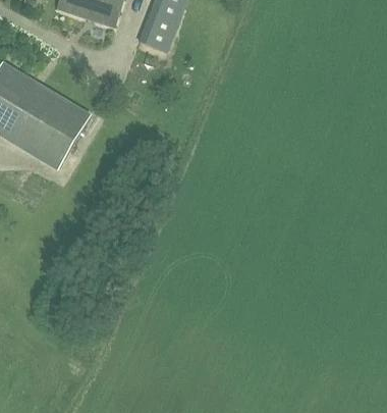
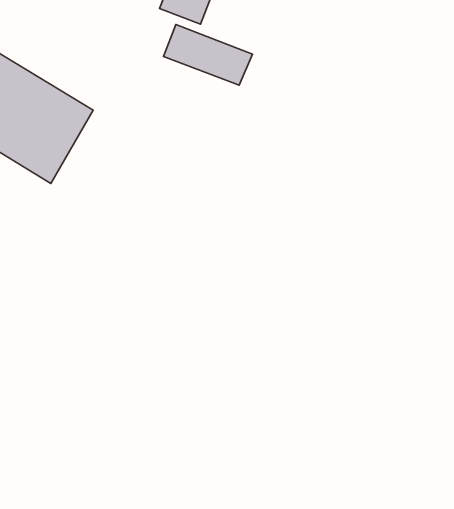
building: none -> [163,25,253,85]

